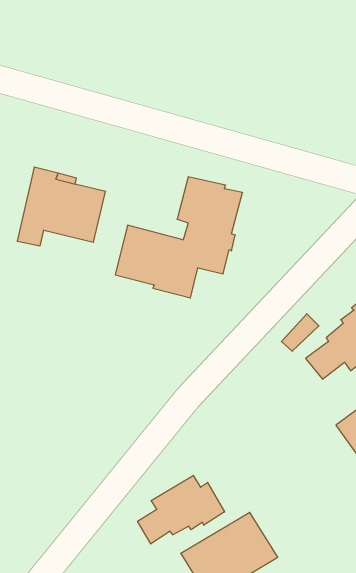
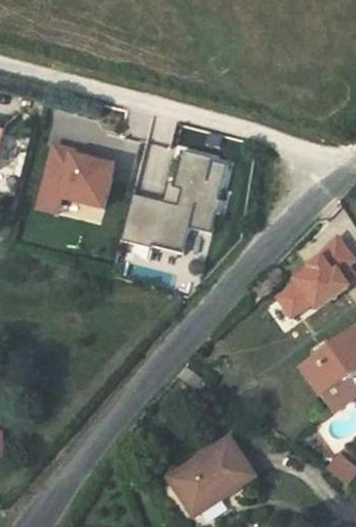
building: [138,475,225,544] -> none

